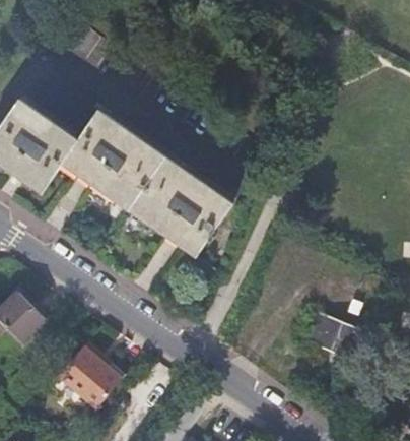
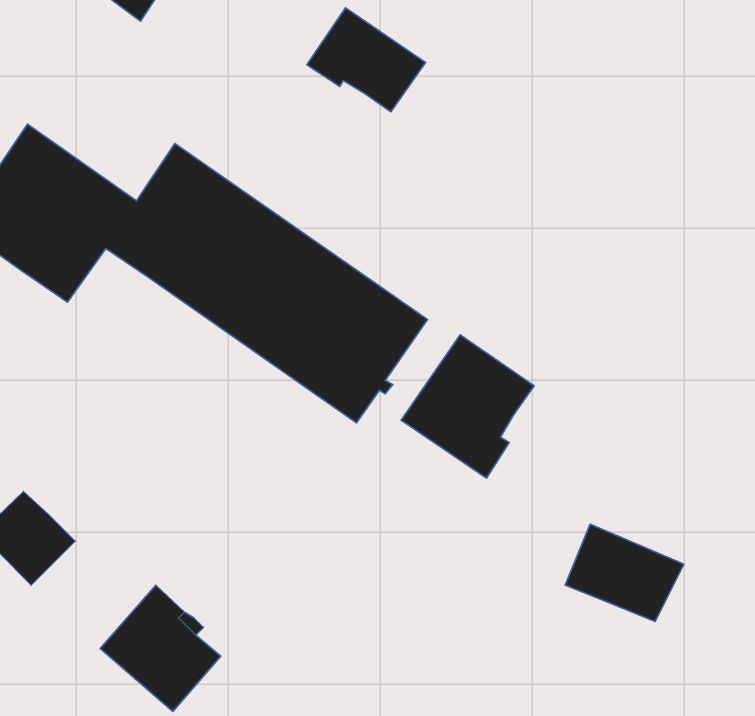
building: none -> [307,8,425,112]
building: none -> [401,335,534,478]

